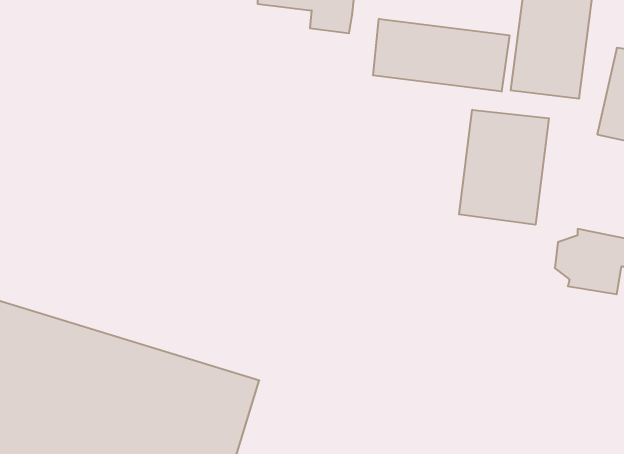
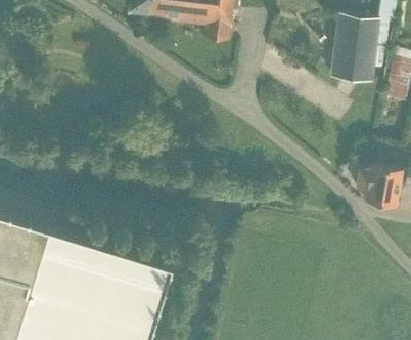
building: [373,19,509,92] -> none
building: [459,110,549,225] -> none

